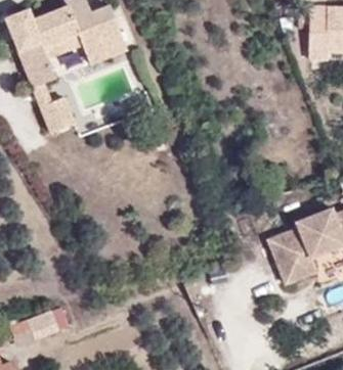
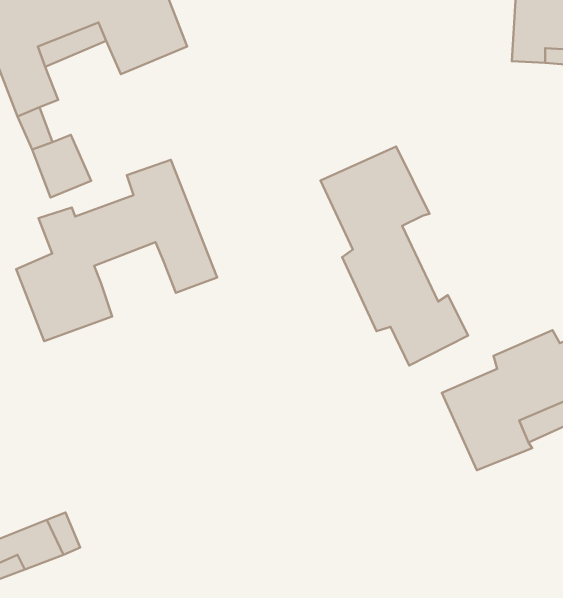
building: none -> [321,146,468,365]
building: none -> [16,160,217,341]

